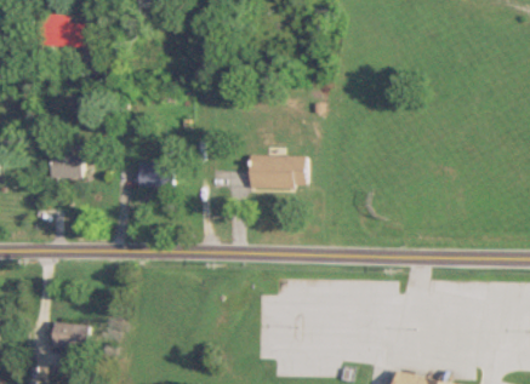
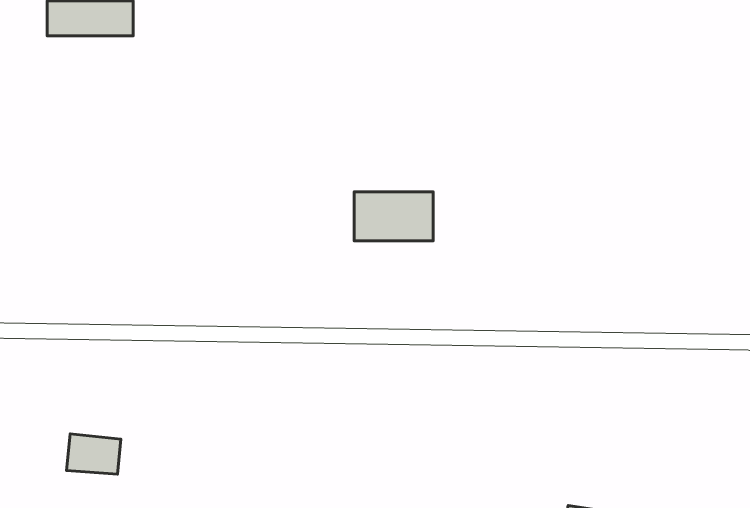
building: [50,154,81,177] -> none
building: [138,162,172,187] -> none

